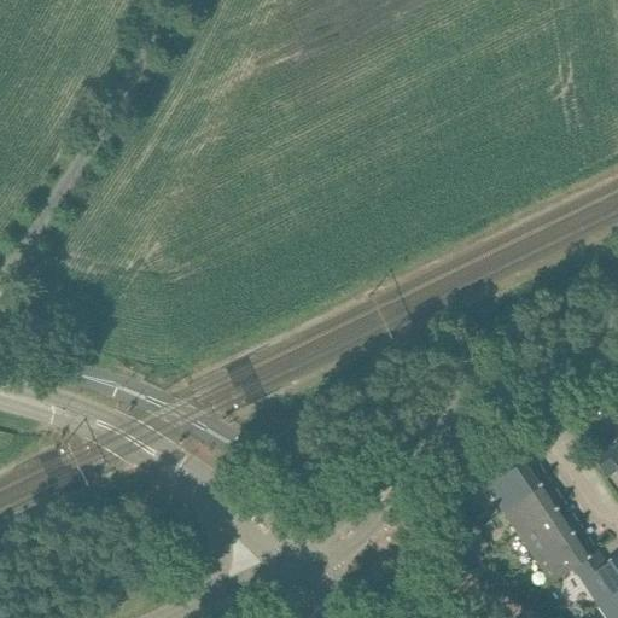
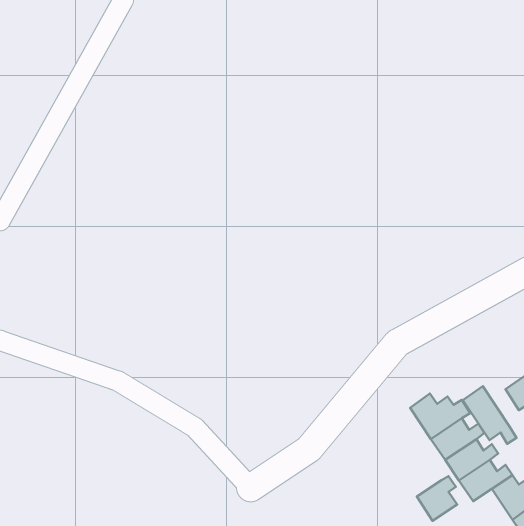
building: none -> [463,386,516,444]
building: none -> [417,476,457,521]

